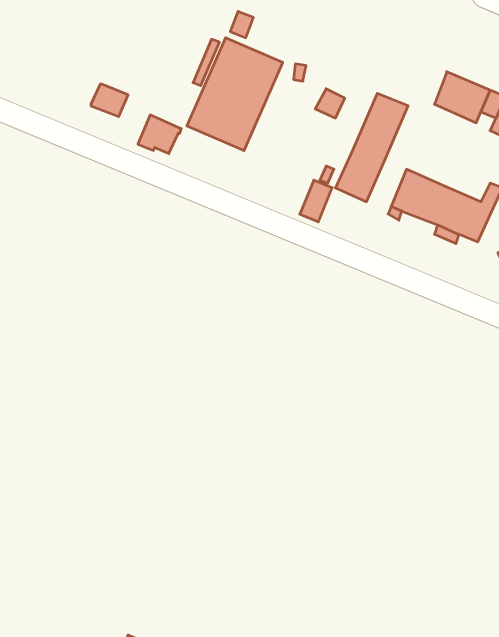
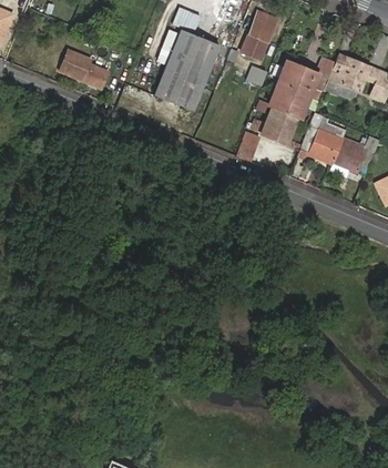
building: none -> [242,12,277,60]
building: none -> [265,62,318,122]
building: [138,115,181,154] -> [61,50,92,78]

